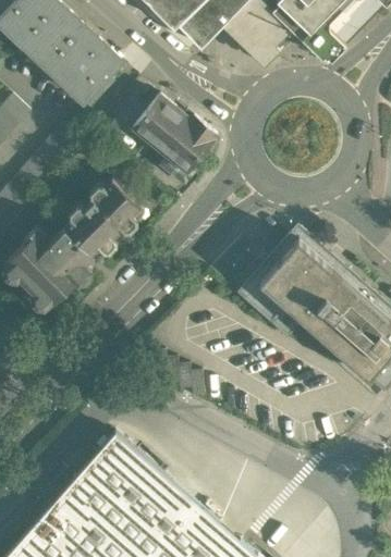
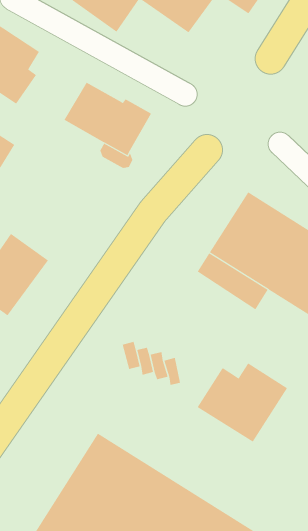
building: [63,177,138,258] -> none
building: none -> [197,362,288,443]

